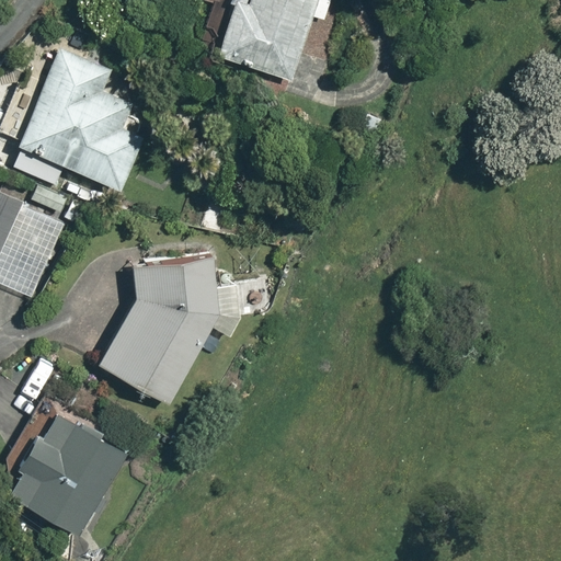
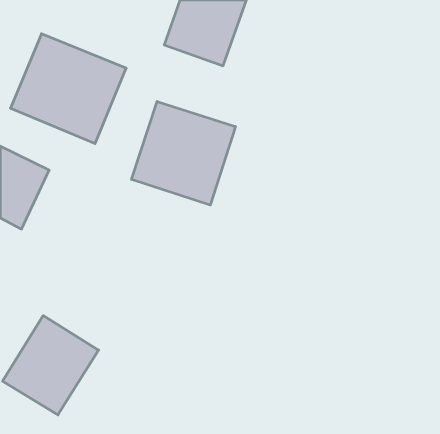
building: none -> [132,101,235,205]
building: [96,254,215,405] -> none

